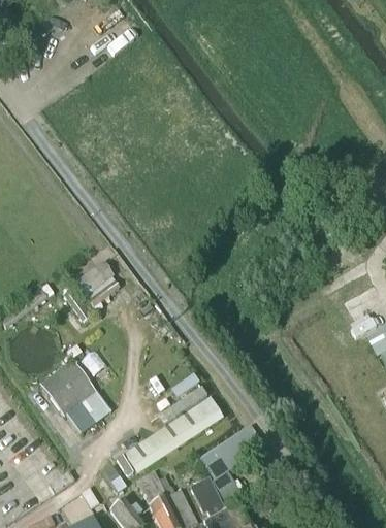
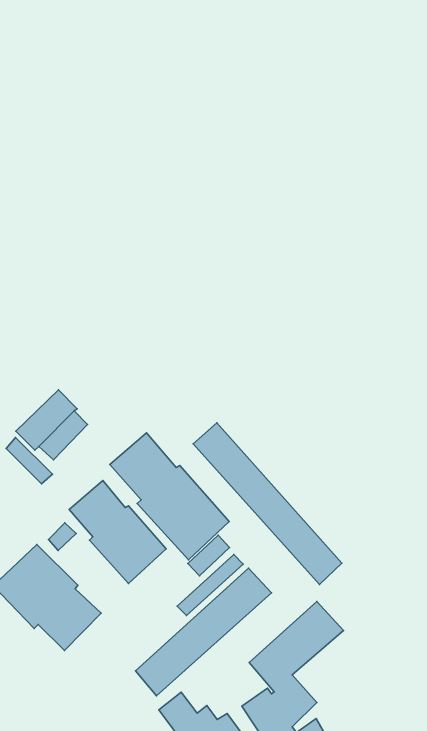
building: none -> [110,433,229,560]
building: none -> [193,423,342,584]
building: none -> [69,481,166,584]

